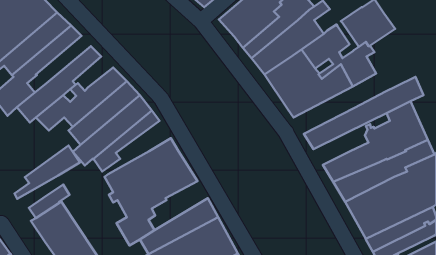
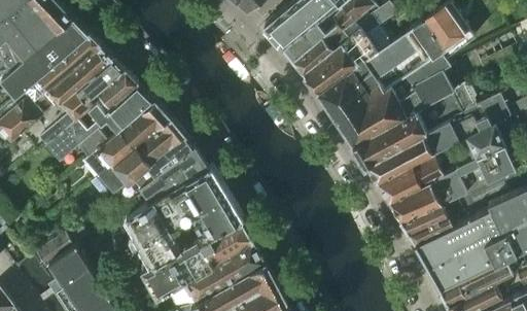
building: none -> [44,45,110,104]
building: none -> [89,70,137,107]
building: none -> [353,84,476,163]
building: none -> [377,147,449,200]
building: [14,145,80,199] -> [128,147,206,211]
building: none -> [179,219,250,278]

